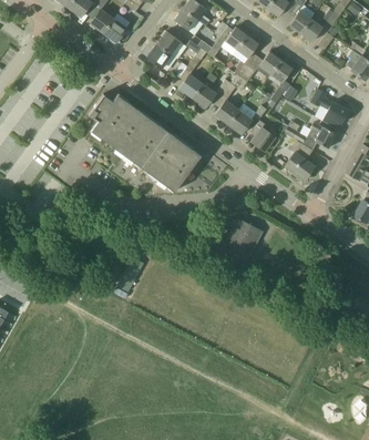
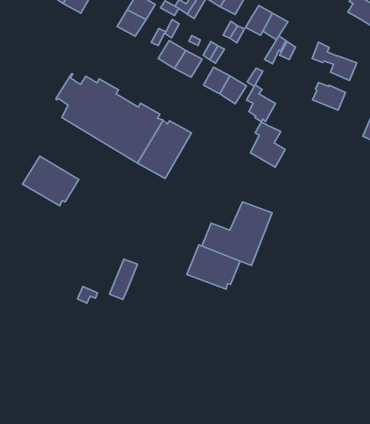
building: [286,140,316,180] -> [251,122,285,167]
building: none -> [22,156,79,206]
building: none -> [187,245,240,289]

